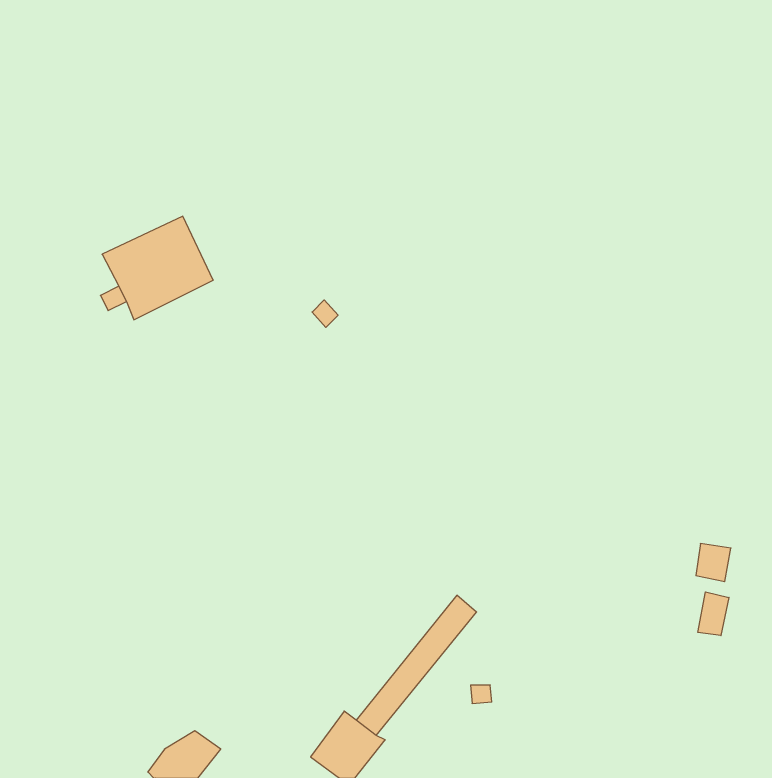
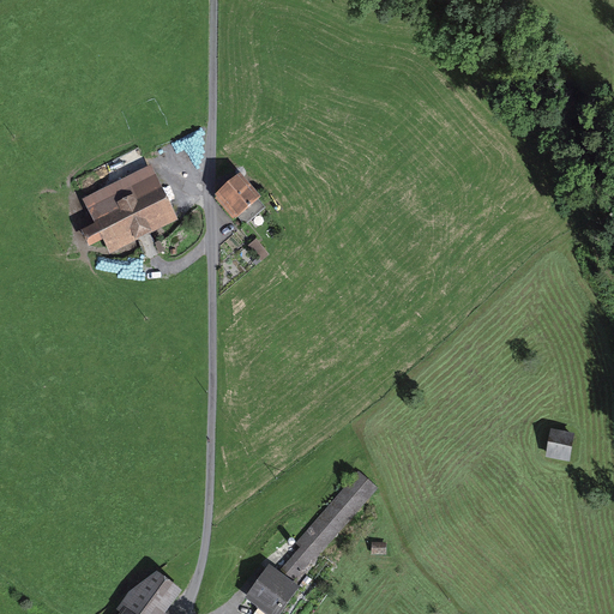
building: none -> [219,174,263,216]
building: [698,592,729,636] -> none

